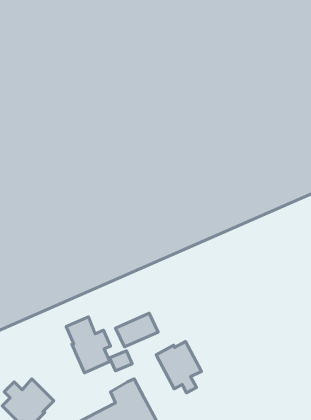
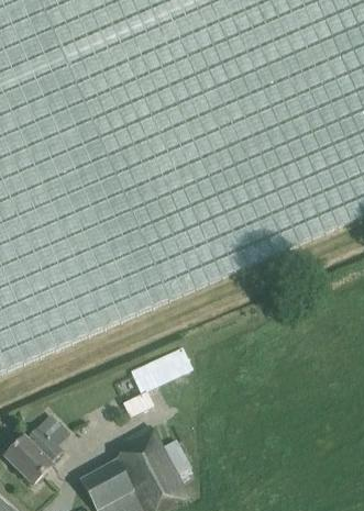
building: [66,317,110,373] -> none
building: [156,342,201,393] -> none

